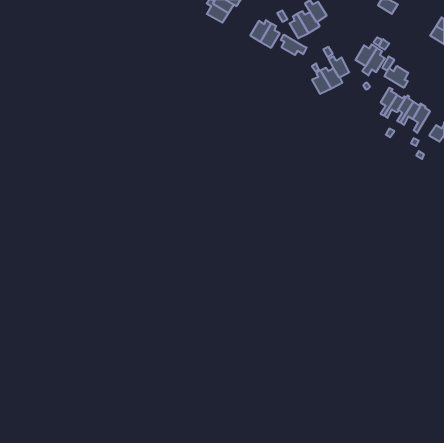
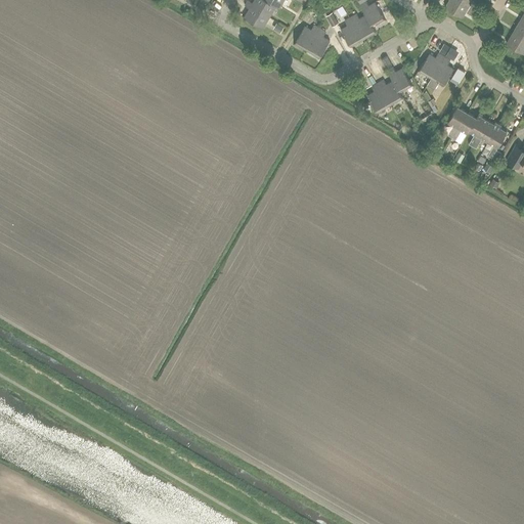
building: [281,35,307,55] -> none
building: [384,66,408,88] -> none

